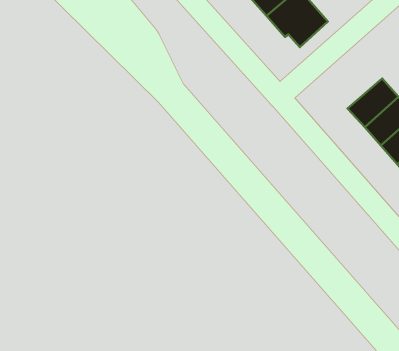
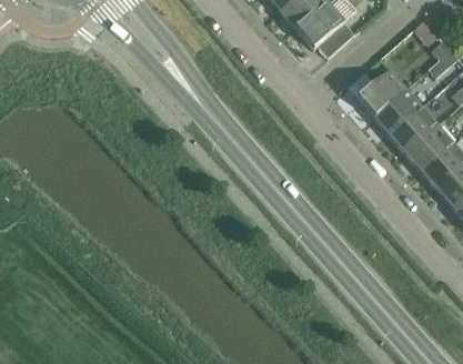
building: none -> [356,69,406,117]

